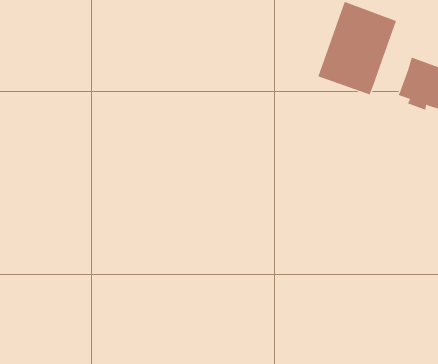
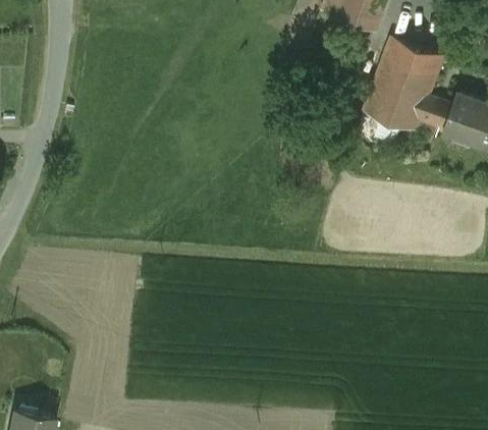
building: none -> [420,98,452,129]

